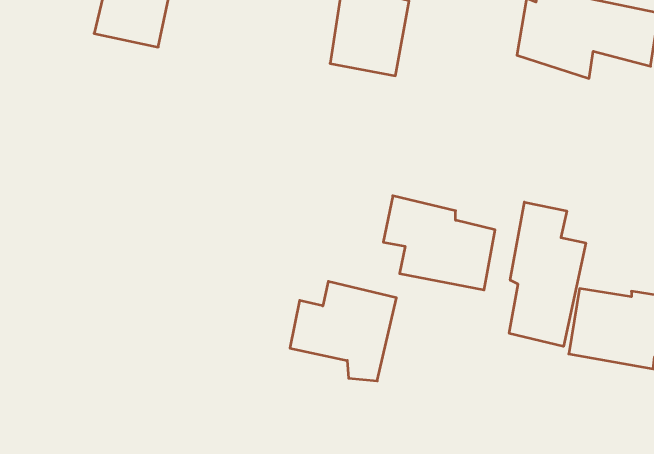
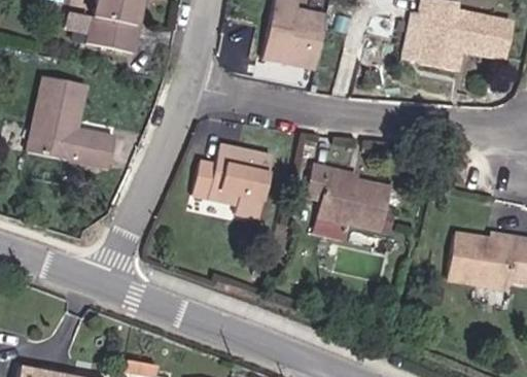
building: none -> [28,75,115,169]
building: [509,202,586,346] -> none
building: [290,281,396,381] -> [192,144,273,219]

